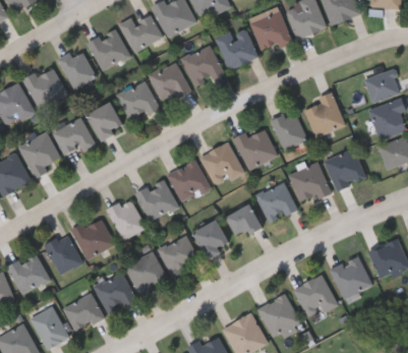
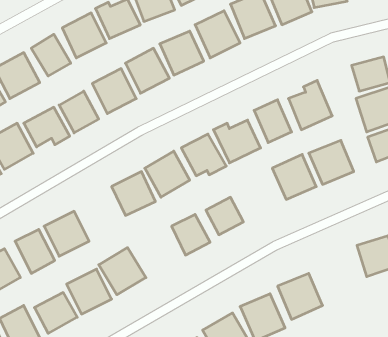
building: [255,181,297,223] -> none
building: [107,197,145,239] -> none
building: [158,234,200,277] -> none
building: [331,255,372,298] -> none

